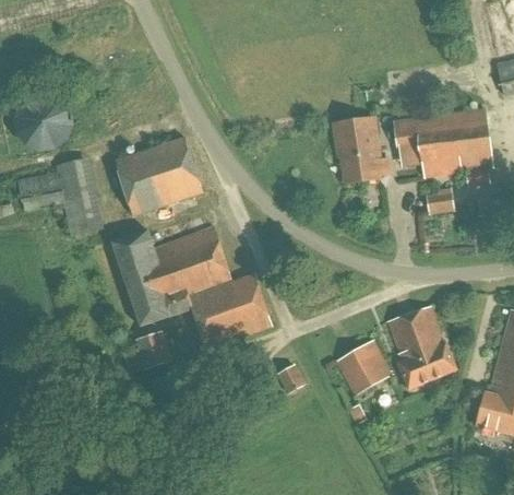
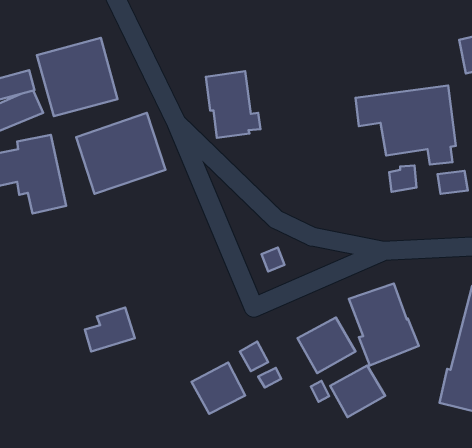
building: none -> [37,38,118,116]
building: [334,117,389,184] -> [206,71,260,138]
building: [111,225,273,350] -> none
building: none -> [192,363,245,414]
building: none -> [330,365,385,417]

